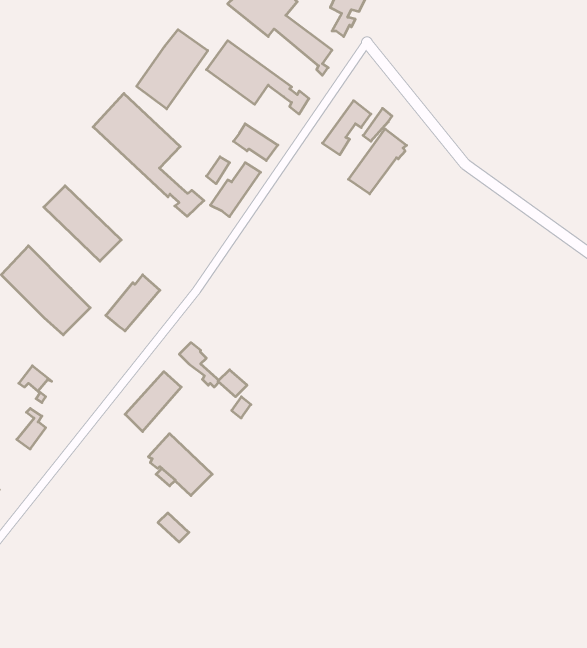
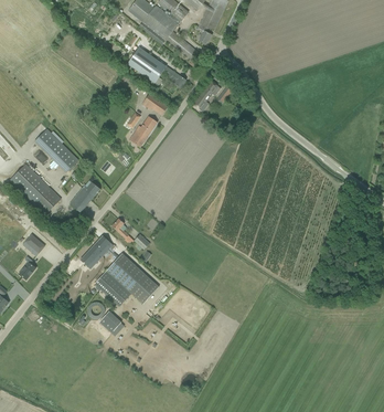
building: [137,30,208,109] -> none
building: [93,93,204,216] -> none
building: [348,129,407,194] -> none
building: none -> [106,252,159,303]

